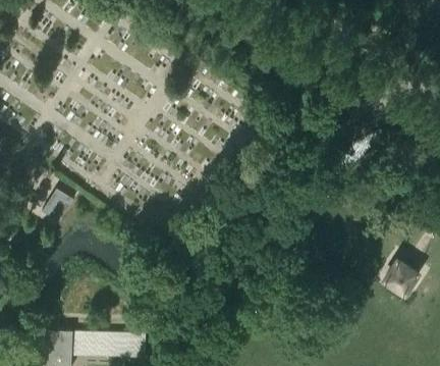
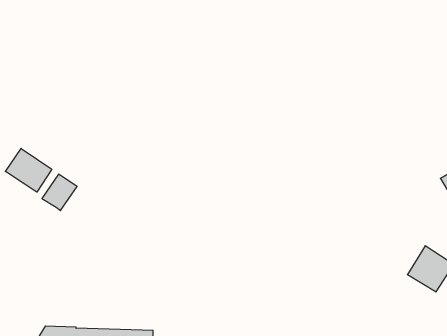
building: none -> [5,148,52,192]

